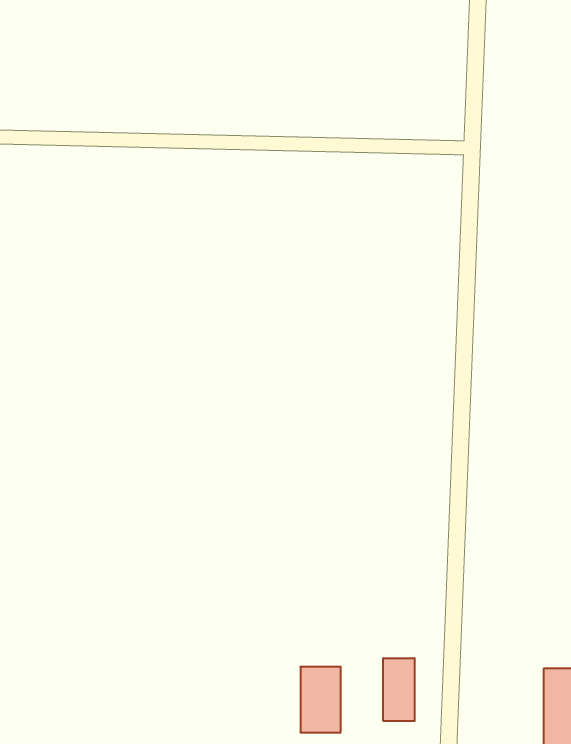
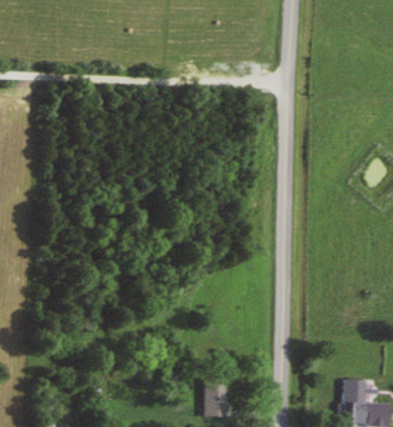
building: [383,658,415,721] -> none

